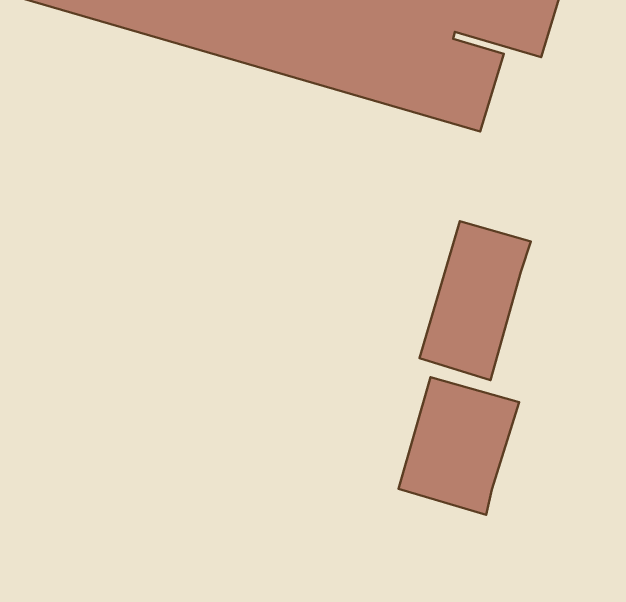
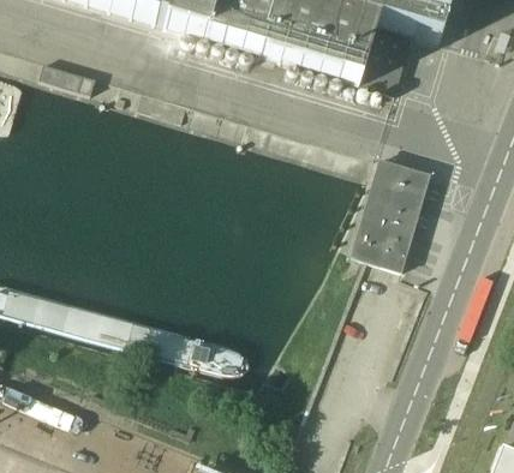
building: [398,377,519,515] -> none

